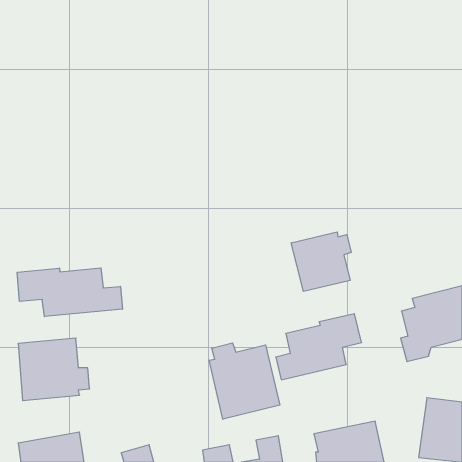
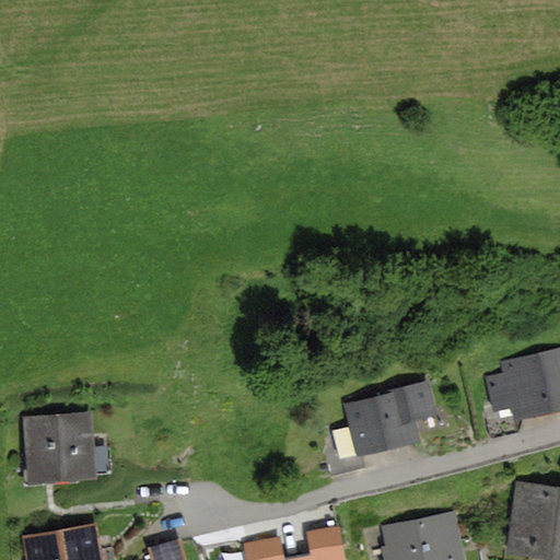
building: [291,232,351,291] -> none
building: [17,268,122,317] -> none
building: [209,343,280,419] -> none

